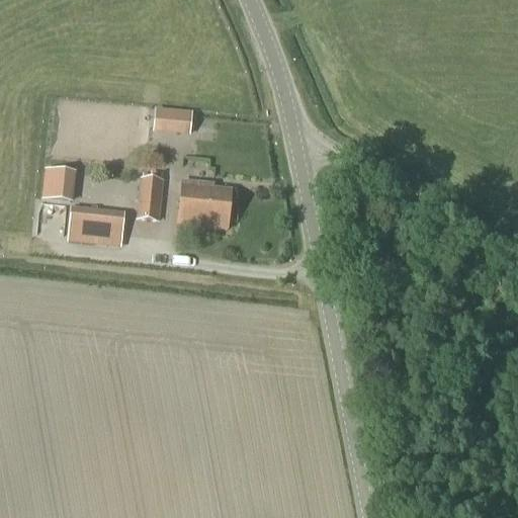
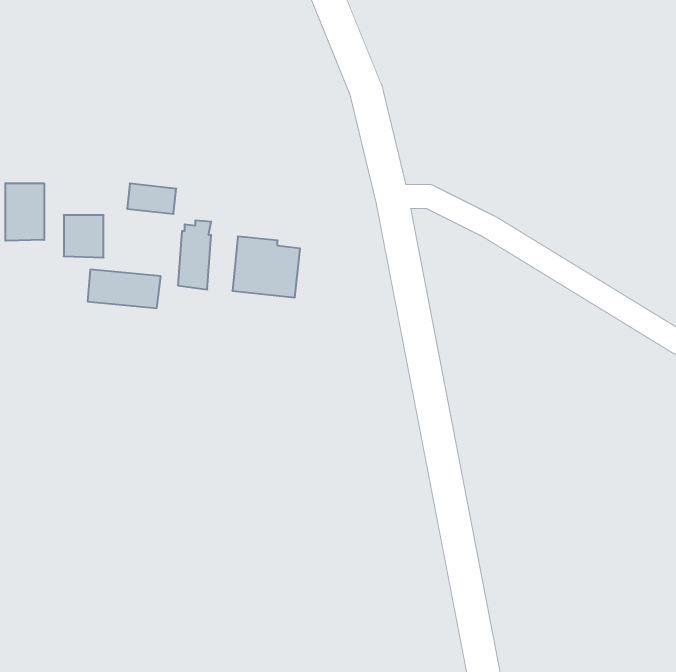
building: [155,108,192,132] -> [127,183,176,214]
building: none -> [5,183,44,241]

